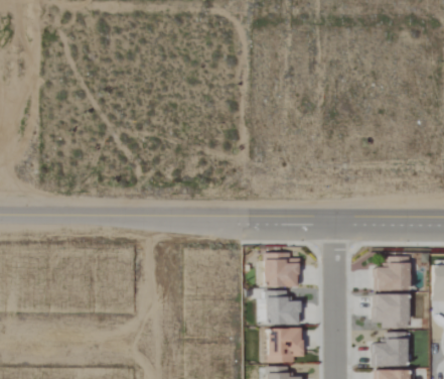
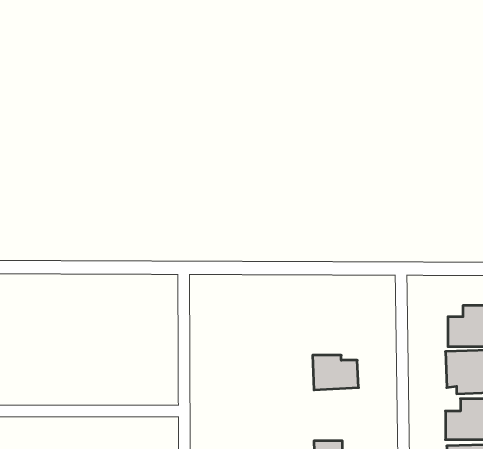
building: [263,253,300,286] -> none
building: [268,329,304,363] -> none

